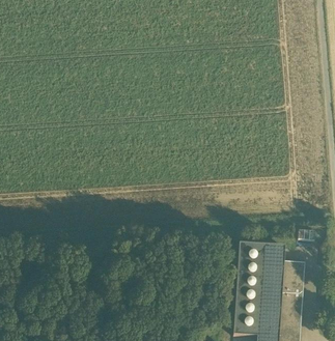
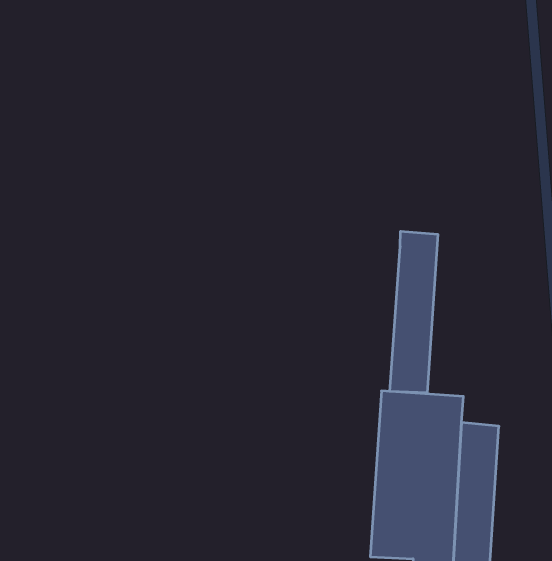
building: none -> [390,231,438,393]

